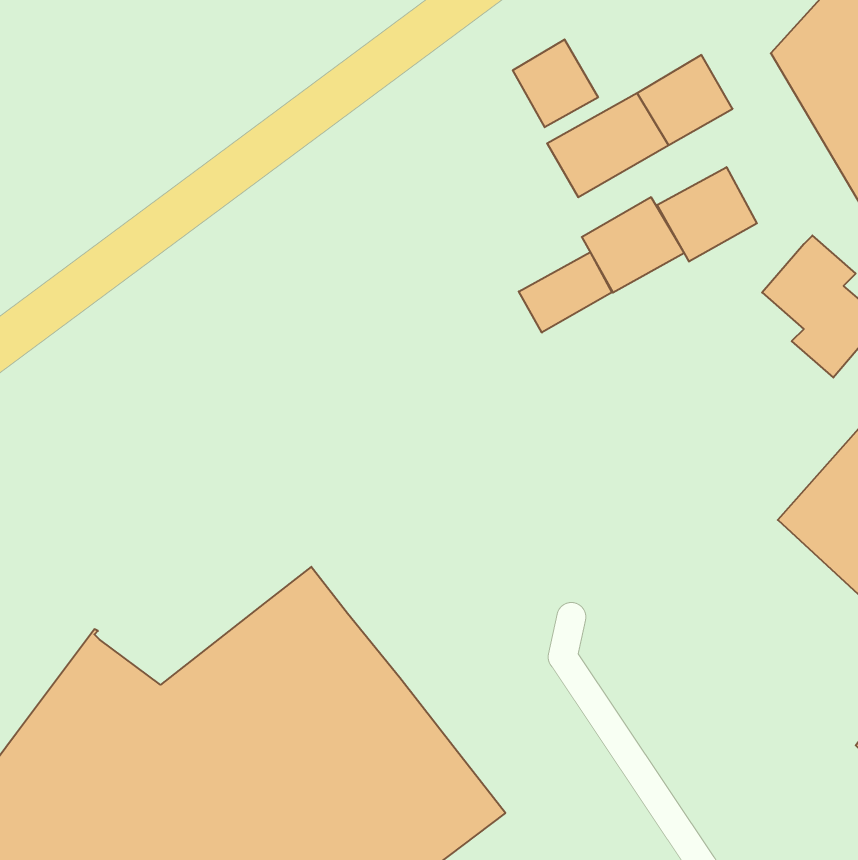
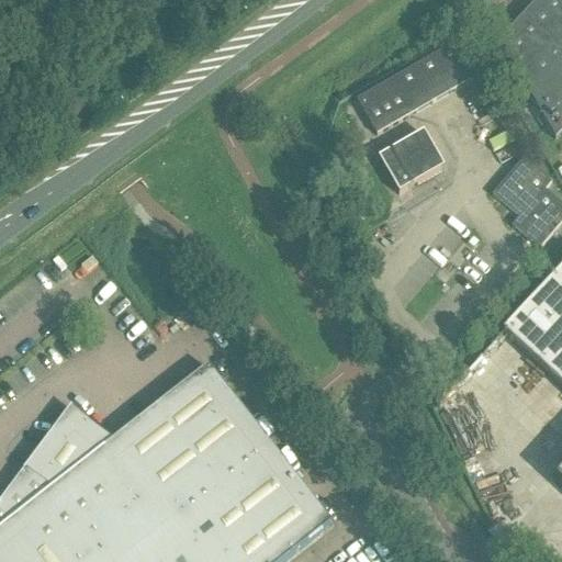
building: [513,39,598,127] -> none
building: [657,167,757,262] -> none
building: [519,252,612,333] -> none

